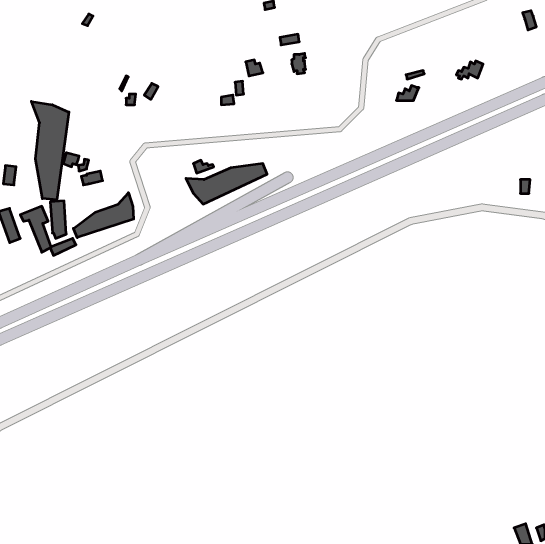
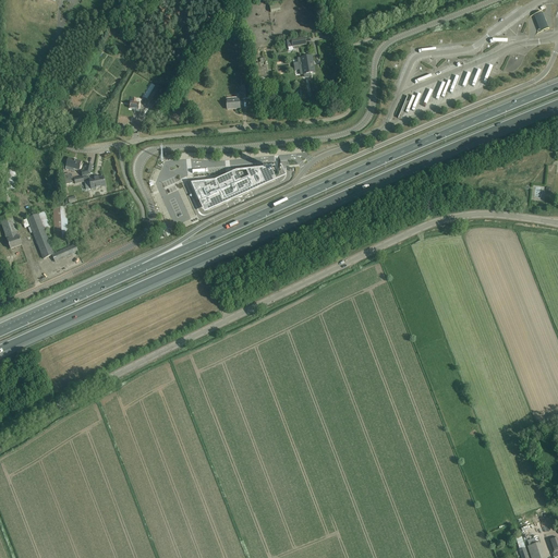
building: [31,101,69,200] -> none
building: [73,193,134,238] -> none

